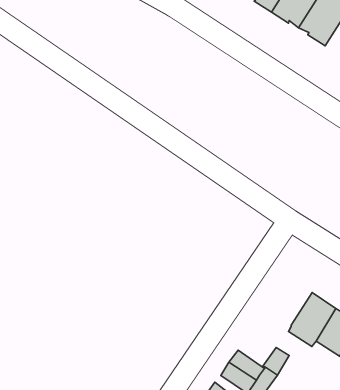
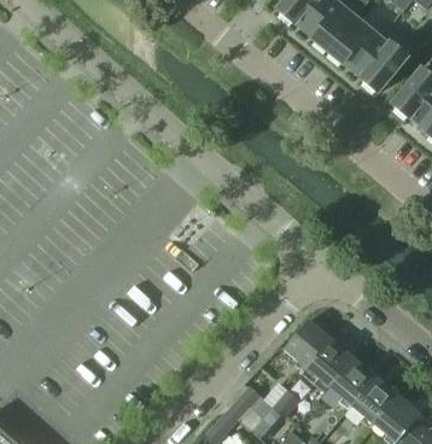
building: none -> [284,321,332,369]

